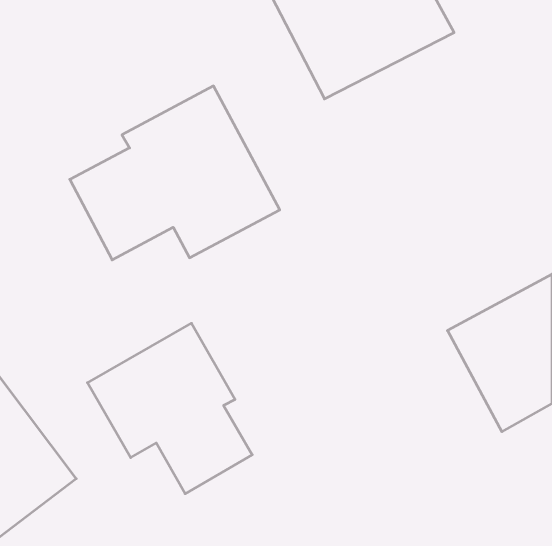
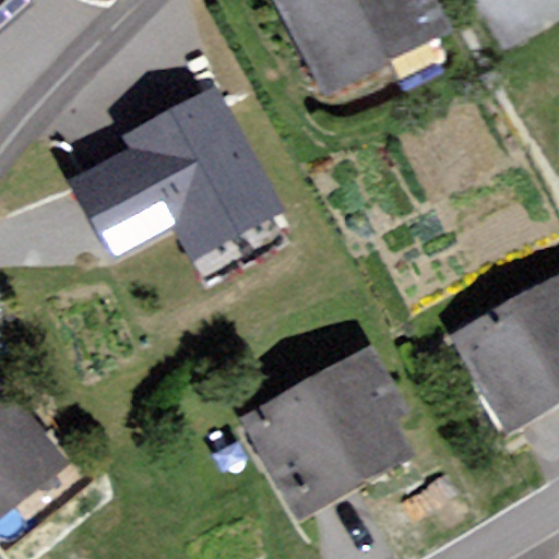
building: [87,323,252,494] -> none
building: none -> [243,343,415,515]

